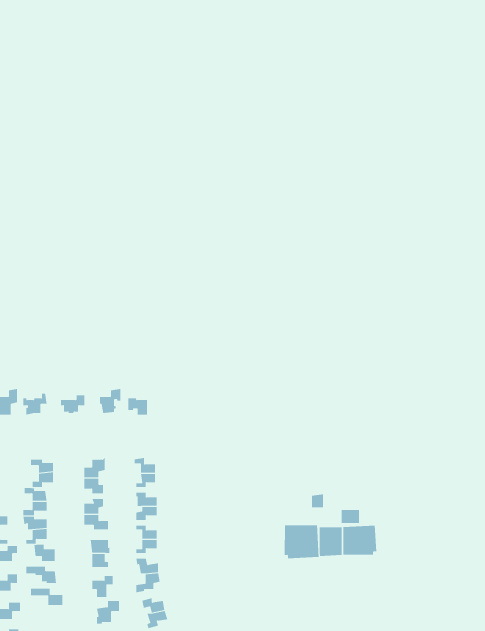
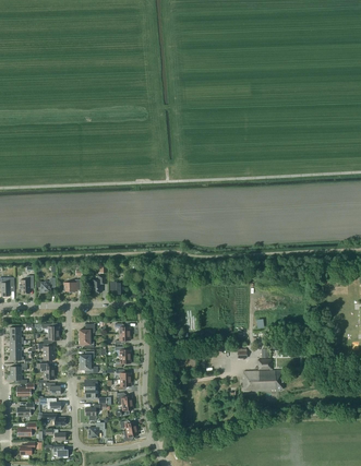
building: [284,524,319,559] -> none

